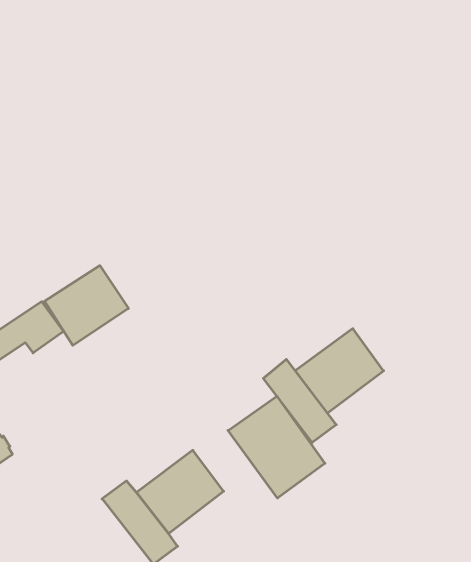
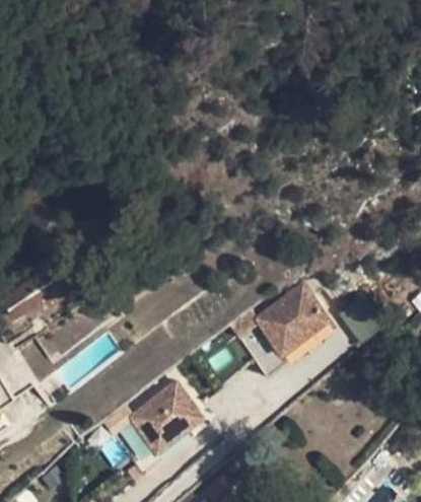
building: [45,266,128,345] -> none
building: [228,396,325,498] -> none

